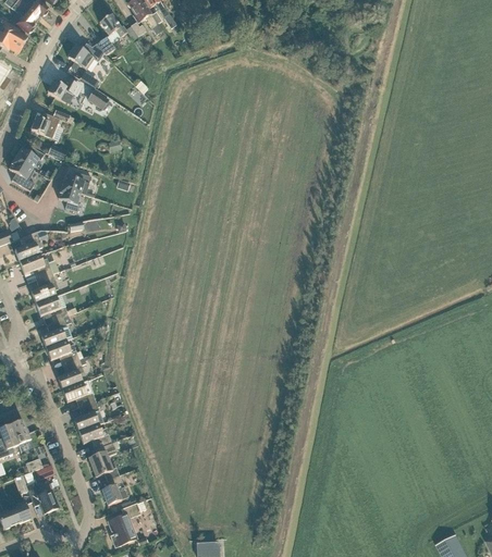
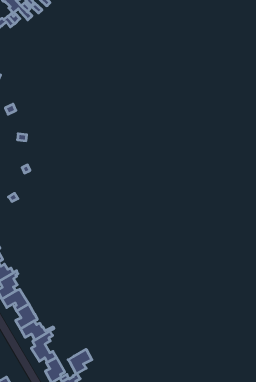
building: none -> [68,349,92,374]

